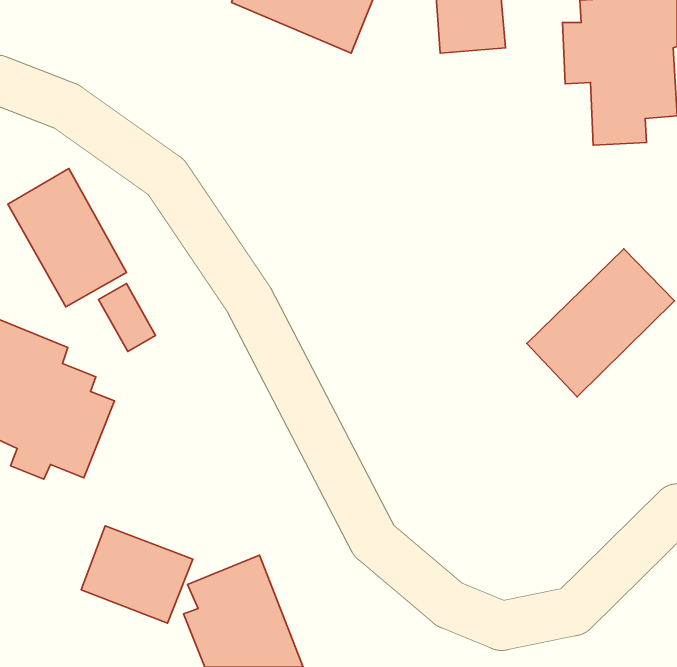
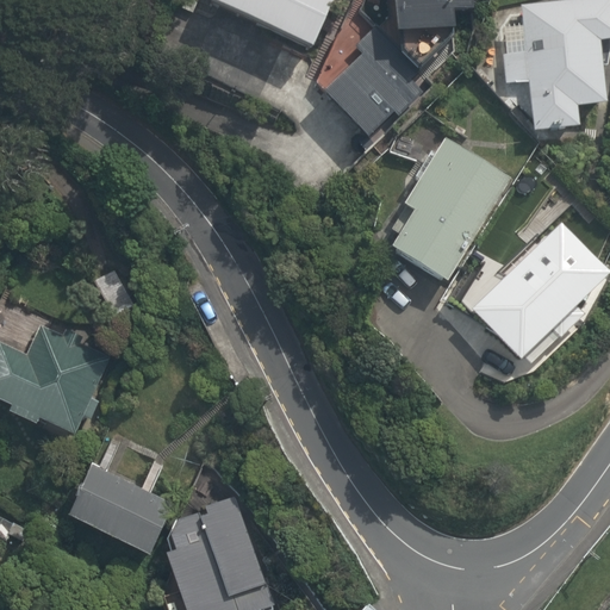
building: none -> [320,32,405,126]
building: none -> [394,133,516,284]
building: [8,169,127,307] -> none

